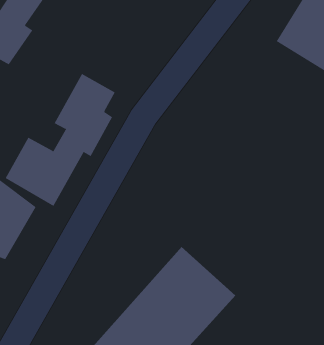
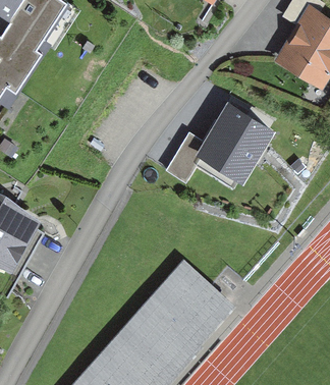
building: [5,73,116,207] -> none
building: none -> [165,104,277,188]

